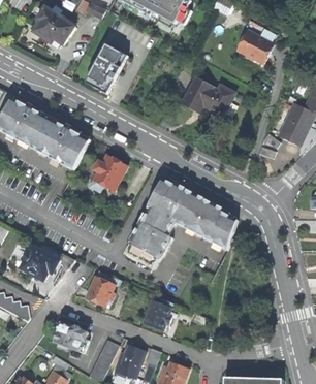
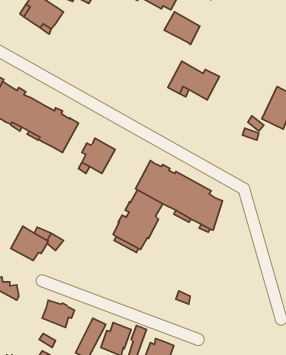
building: [236,30,273,63] -> [164,12,200,44]
building: [85,43,127,94] -> none
building: [85,274,114,303] -> none
building: [143,296,171,328] -> none

